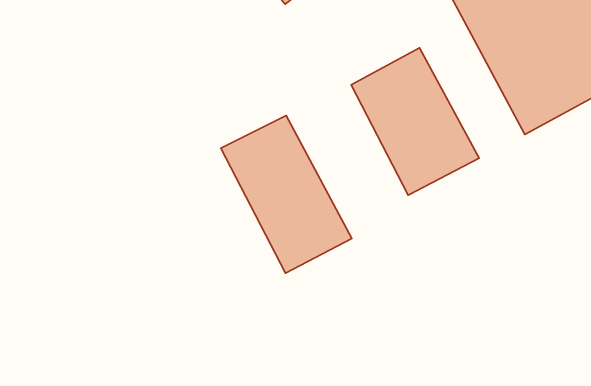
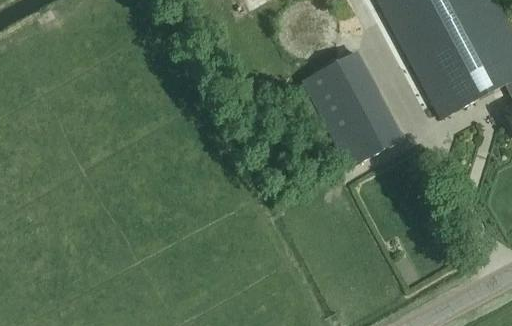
building: [221,115,352,273] -> none

